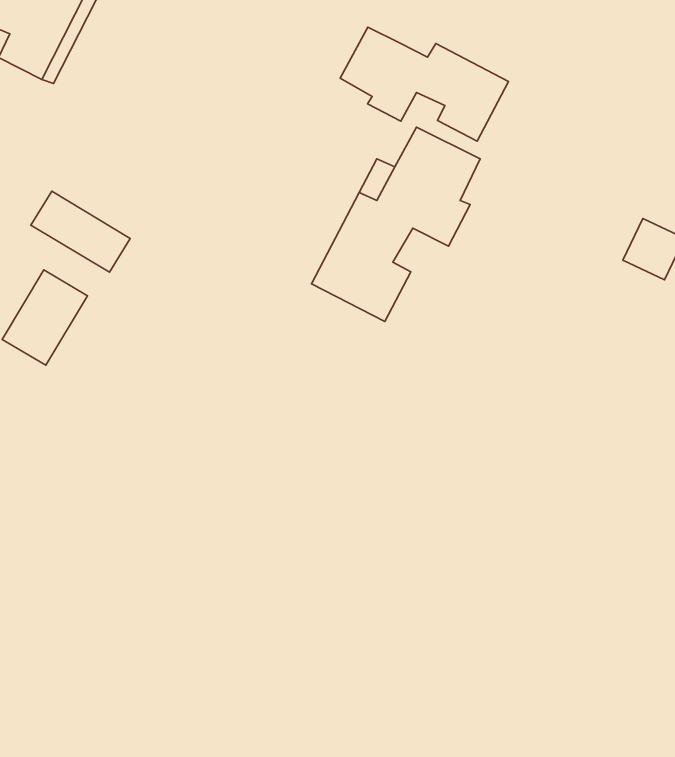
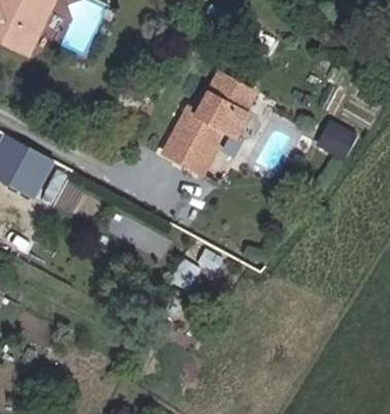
building: [340,27,509,141] -> none
building: [31,191,130,272] -> none

